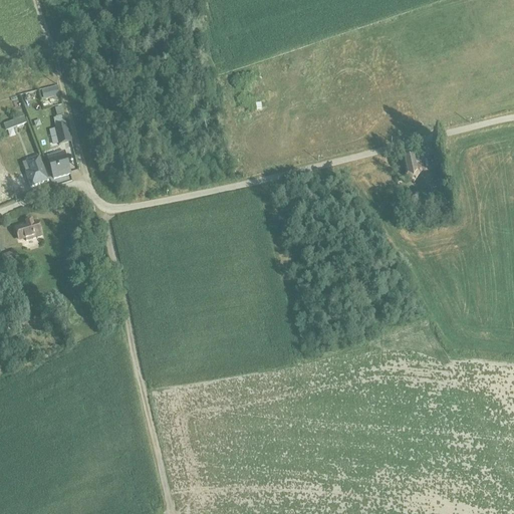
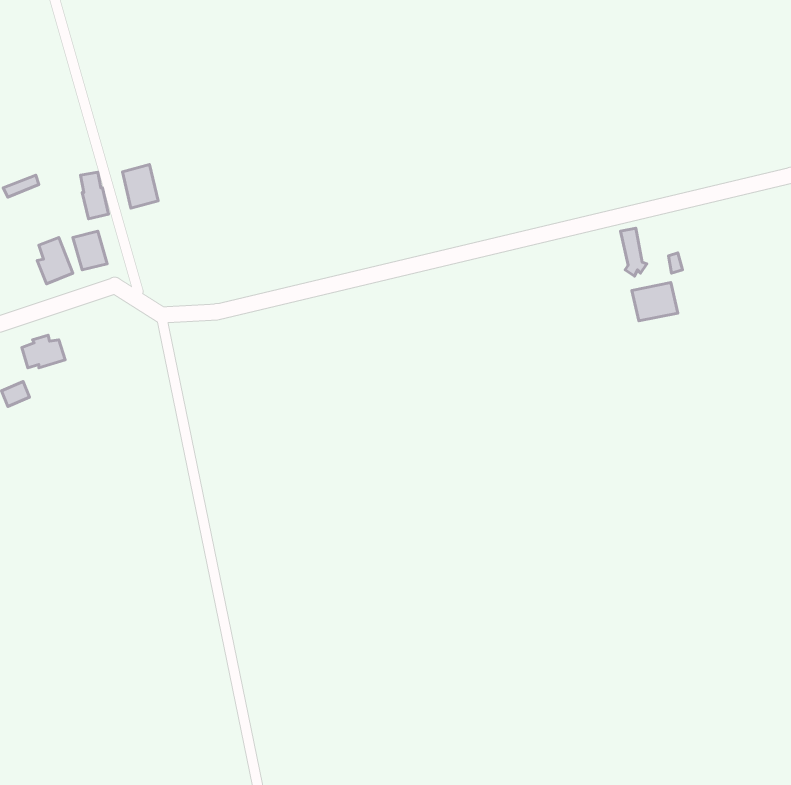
building: none -> [122,164,158,208]
building: none -> [632,283,678,321]

